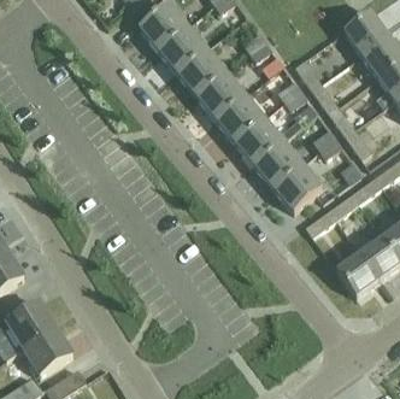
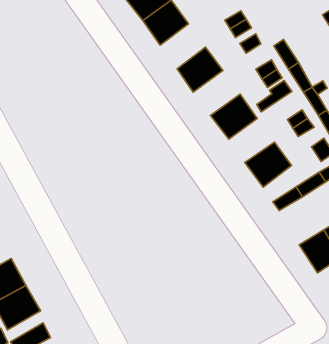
building: [177,49,224,96] -> none
building: [214,95,263,142] -> none
building: [254,142,301,188] -> none

